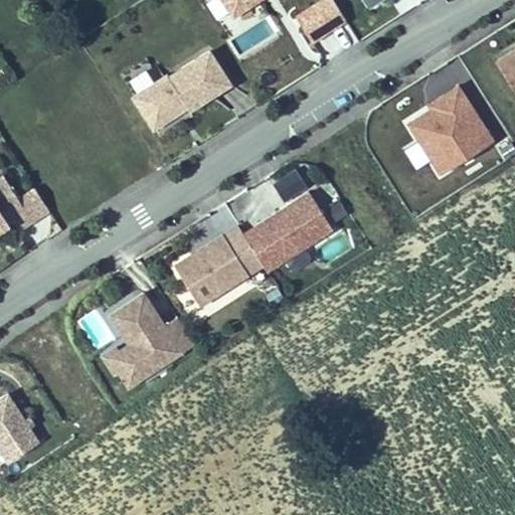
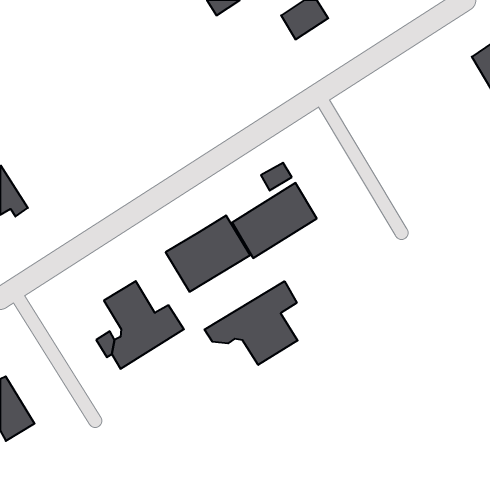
building: [130,50,225,126] -> none
building: [406,87,500,180] -> none
building: none -> [205,281,298,365]

